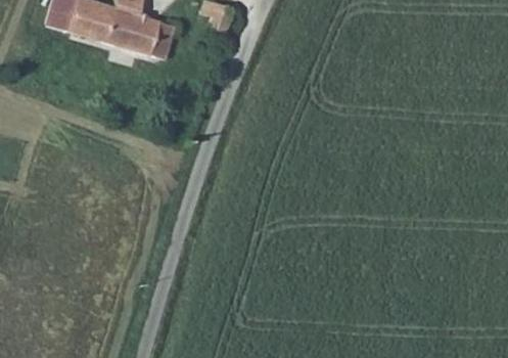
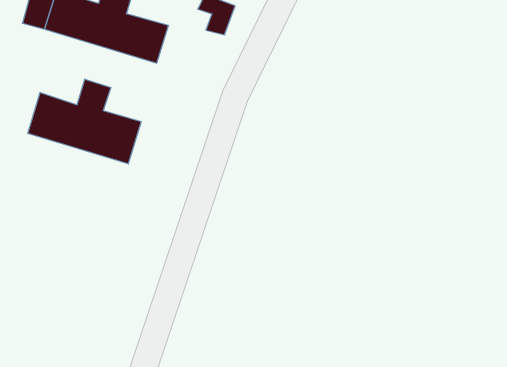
building: none -> [28,79,141,164]

